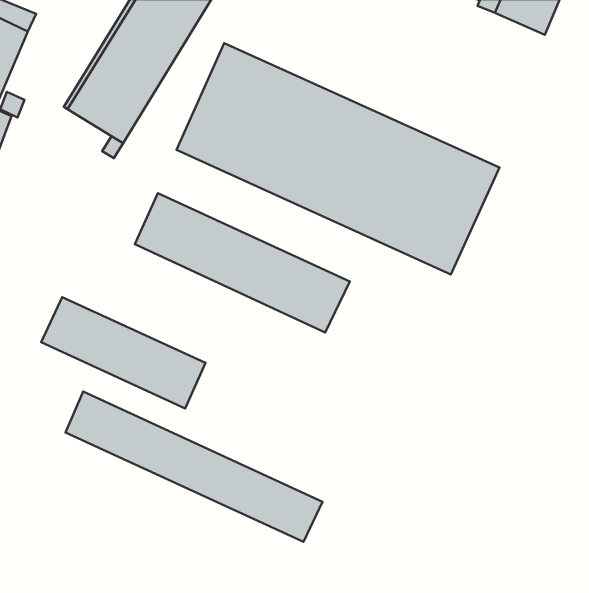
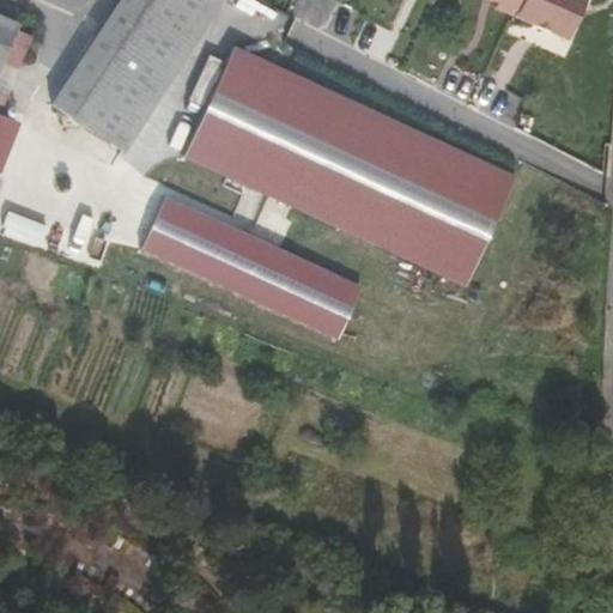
building: [41,297,206,409] -> none
building: [65,392,322,542] -> none

